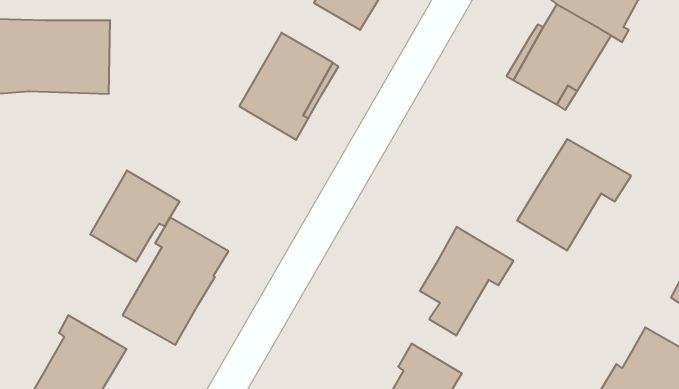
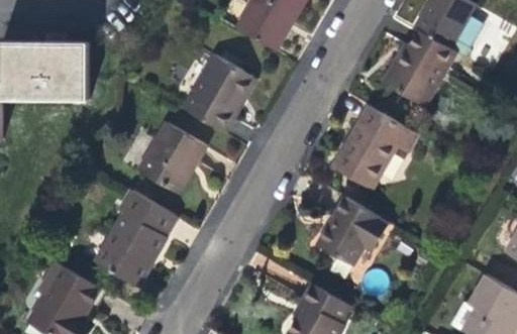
building: [517,139,631,250] -> [331,107,416,190]
building: [90,170,180,261] -> [137,121,204,189]

